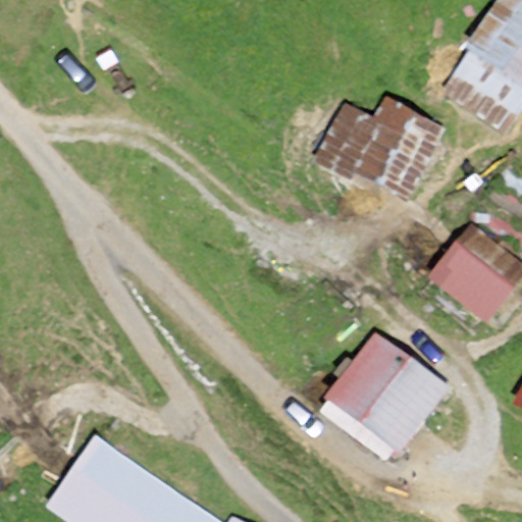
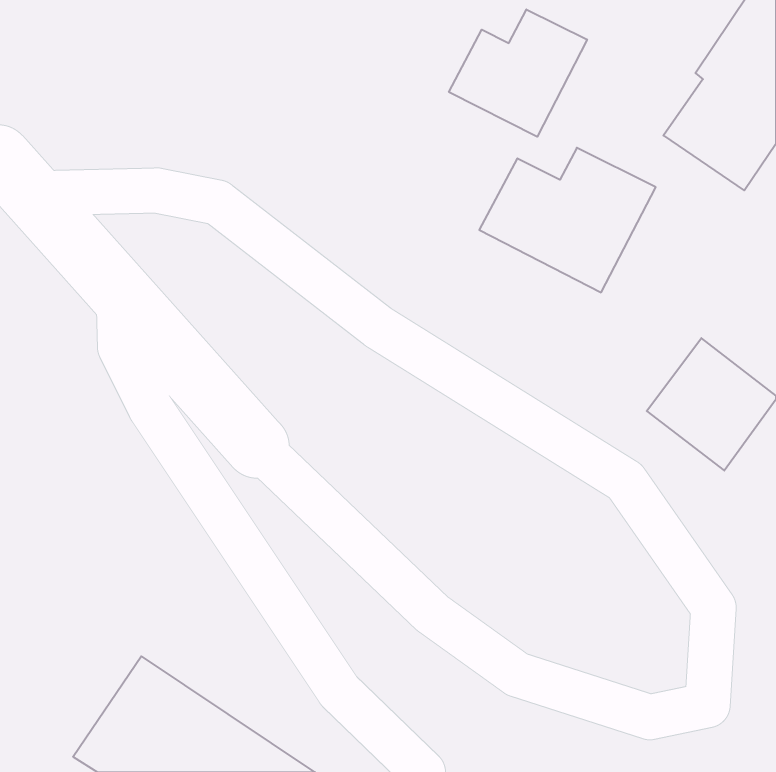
building: none -> [449,9,587,137]
building: [331,337,437,443] -> none

